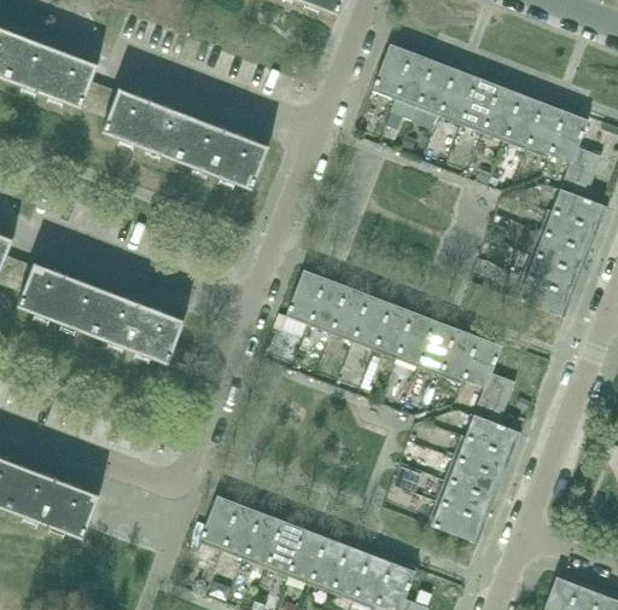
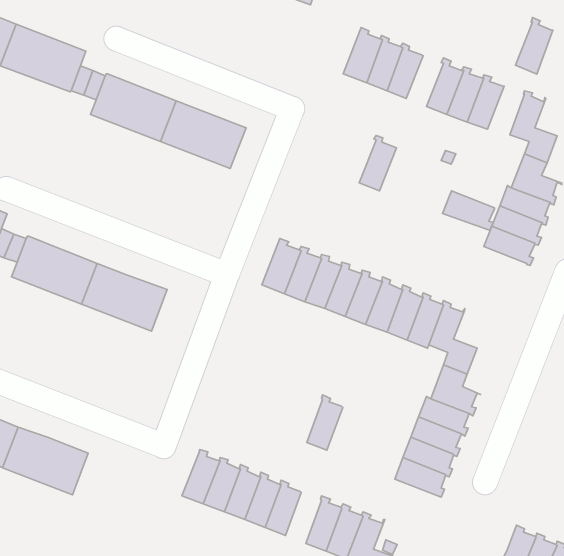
building: [439,65,479,124] -> [359,136,396,191]
building: [526,98,566,158] -> [515,18,553,74]
building: [513,274,569,316] -> [443,191,494,230]
building: [310,533,349,592] -> [307,395,343,450]

